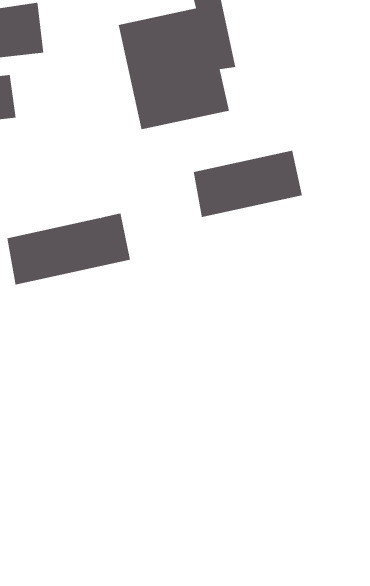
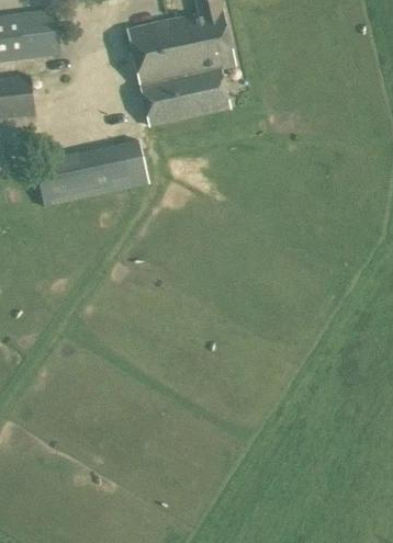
building: [193,150,302,218] -> none
building: [6,213,131,285] -> [34,136,147,202]

